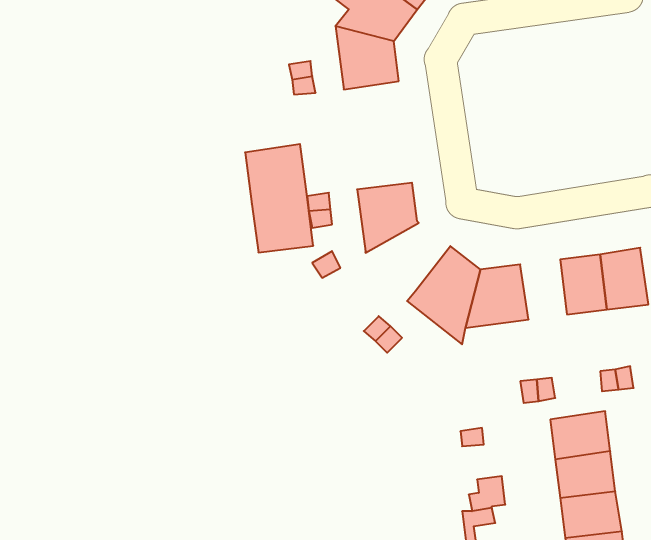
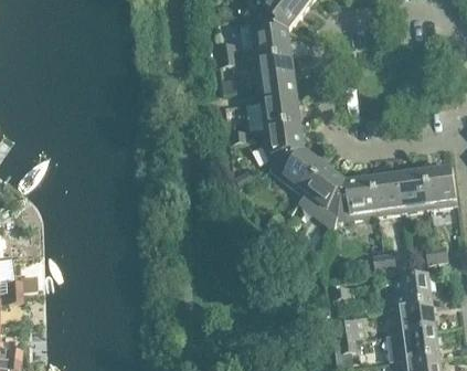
building: [245,144,313,252] -> [257,55,303,127]
building: none -> [272,149,328,194]
building: none -> [374,173,405,213]

